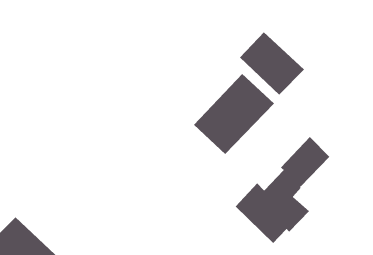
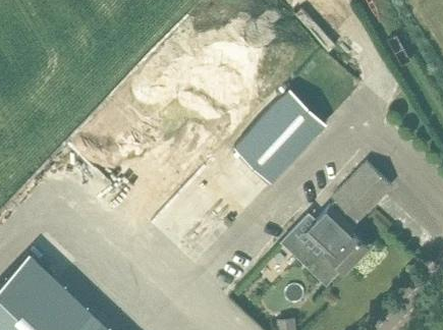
building: [239,31,305,96] -> none

